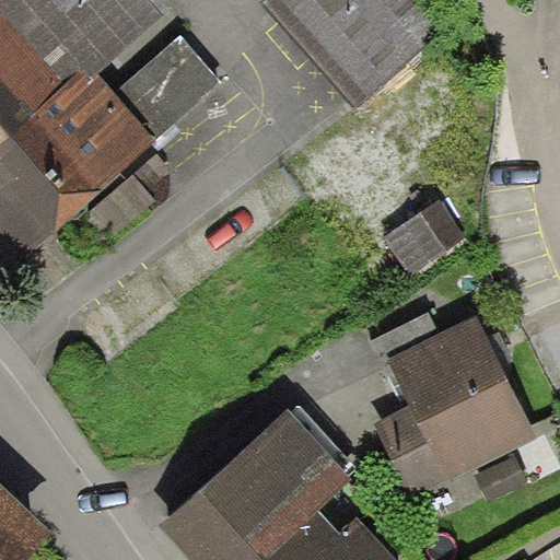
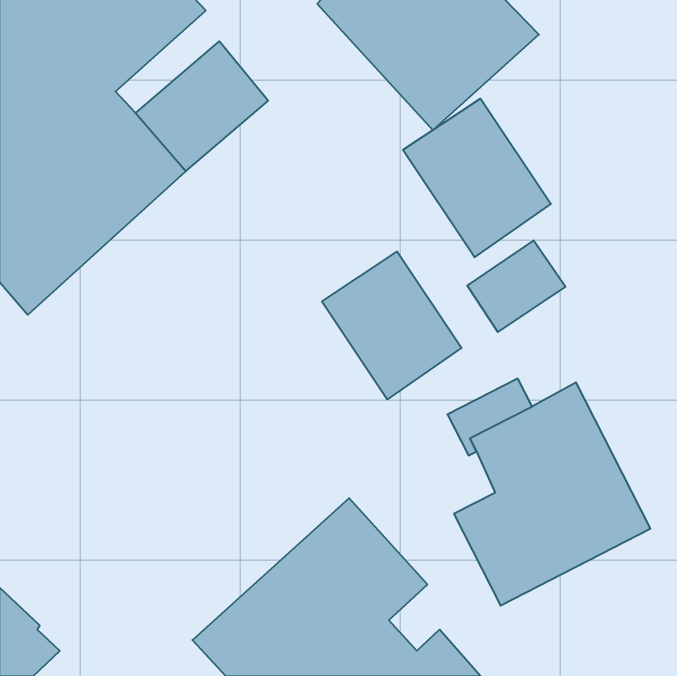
building: none -> [403,99,551,257]
building: none -> [322,252,462,399]

